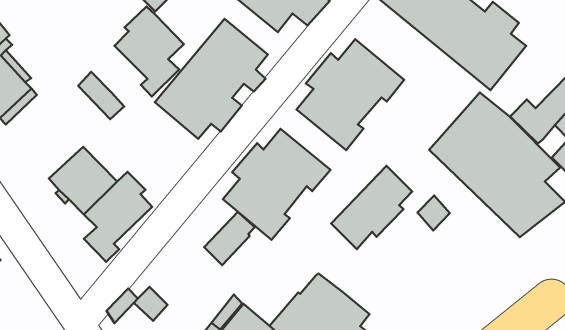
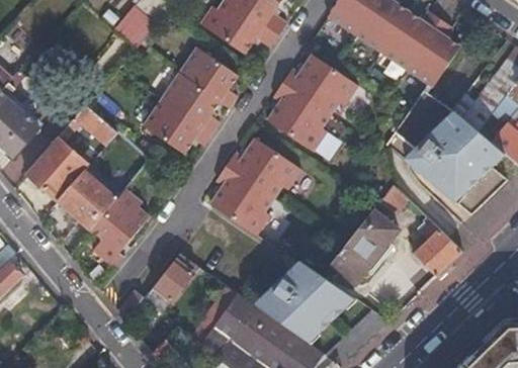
building: [114,6,184,96] -> none
building: none -> [25,136,88,200]
building: [331,166,412,249] -> [330,208,398,283]
building: [204,212,255,265] -> [153,253,195,300]
building: none -> [411,217,461,276]

